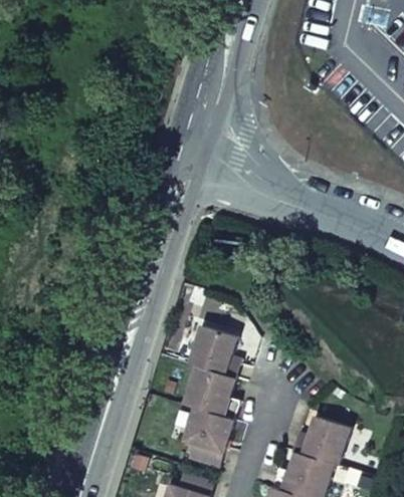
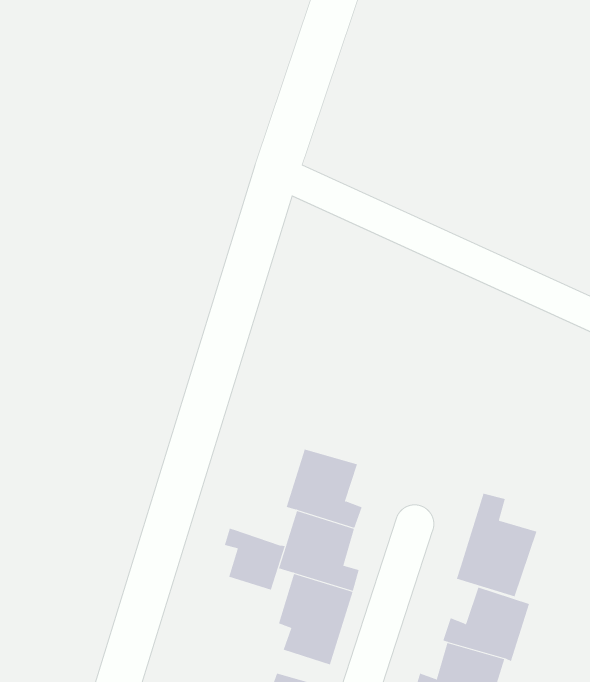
building: none -> [456,493,537,597]
building: none -> [224,528,285,590]

